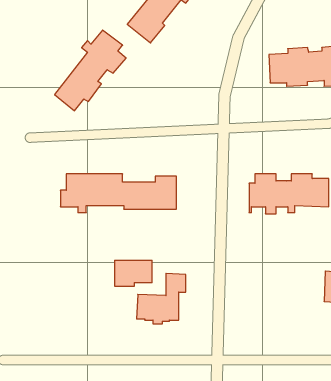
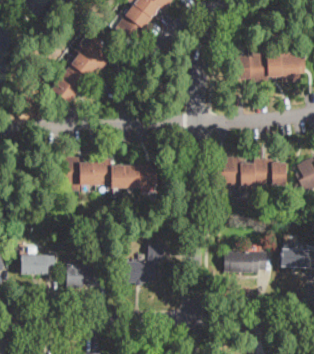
building: [115,260,152,286] -> [67,266,99,288]
building: none -> [223,252,269,273]
building: none -> [20,256,54,275]

